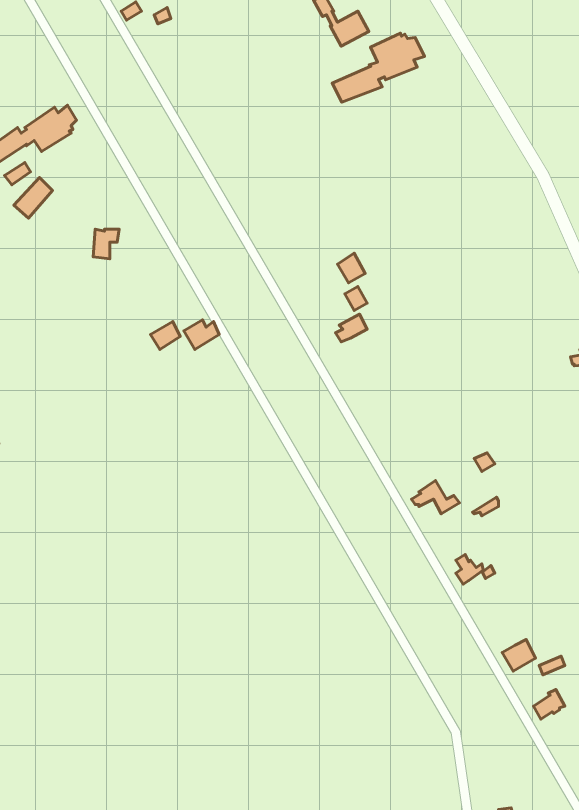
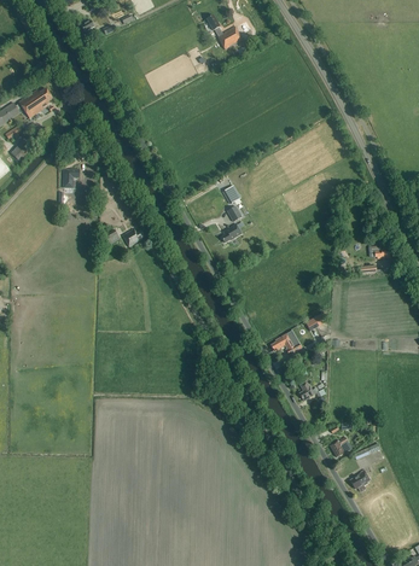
building: [332,33,425,102] -> none

